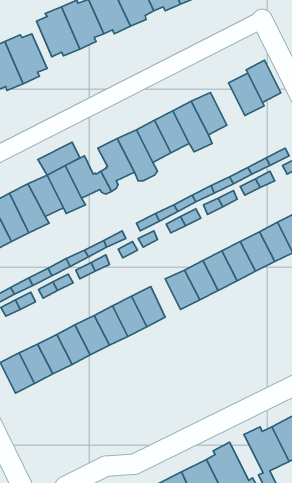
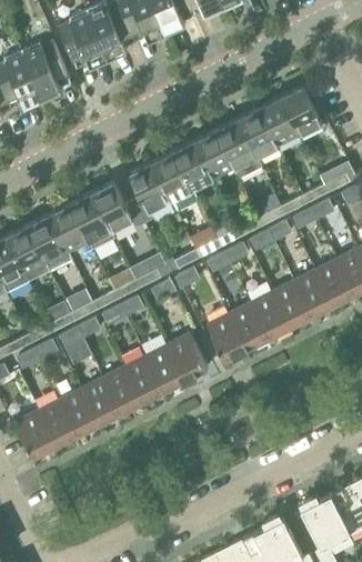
building: [246,60,281,103] -> [259,98,299,147]
building: [38,142,80,175] -> none

